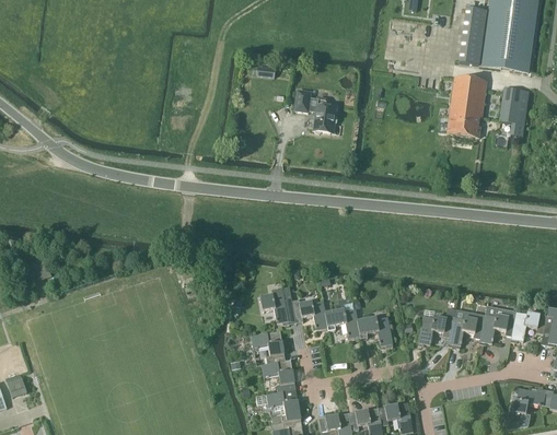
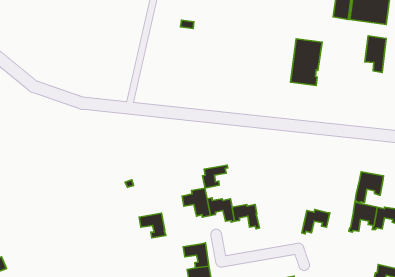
building: [445,77,487,138] -> [291,39,322,86]
building: [293,90,337,132] -> none
building: none -> [203,165,228,188]
building: [449,308,486,350] -> [355,172,384,203]
building: [357,316,393,348] -> none
building: [250,330,285,363] -> [139,213,166,238]

